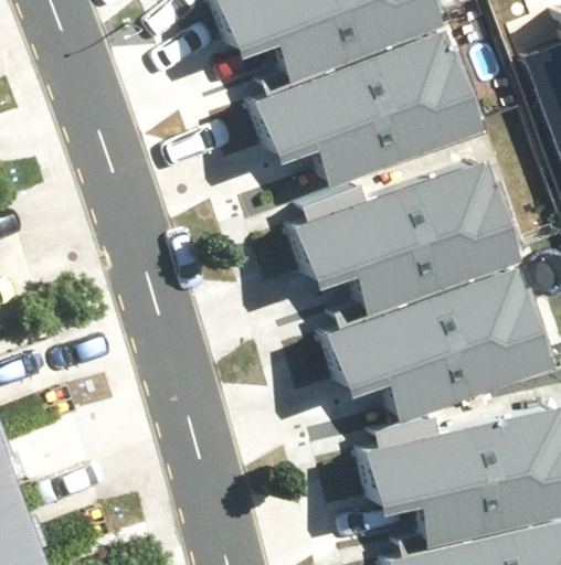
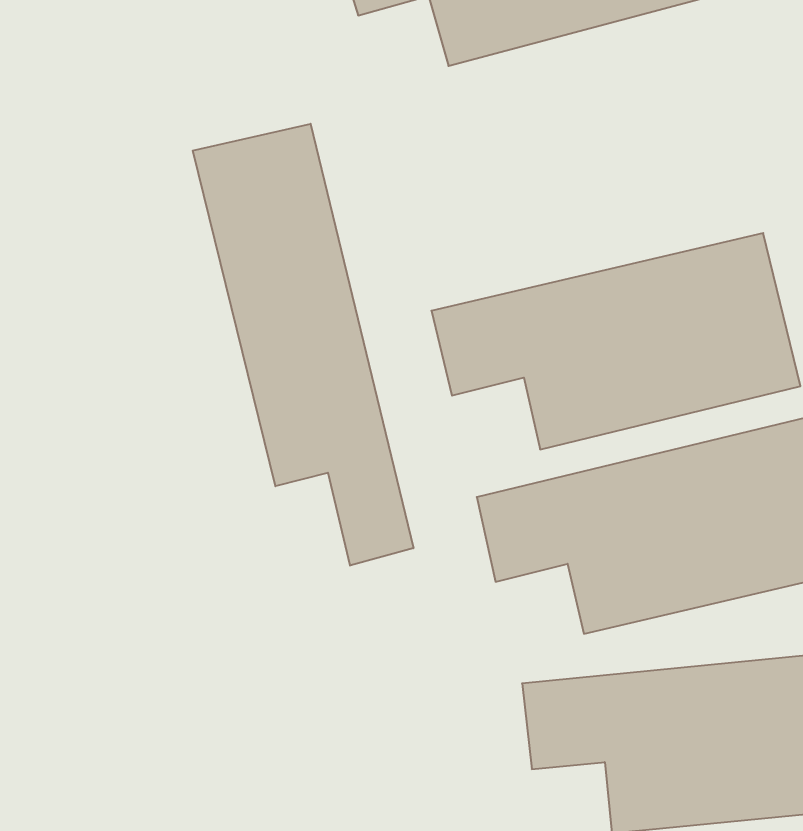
building: [252,35,480,182] -> none
building: none -> [193,124,413,566]

